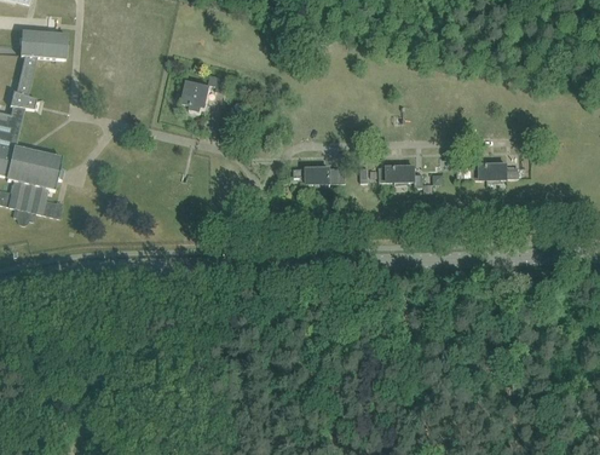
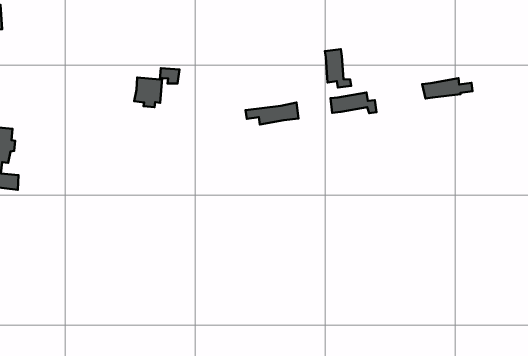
building: [179,74,227,111] -> [134,68,179,107]
building: none -> [325,49,351,87]

